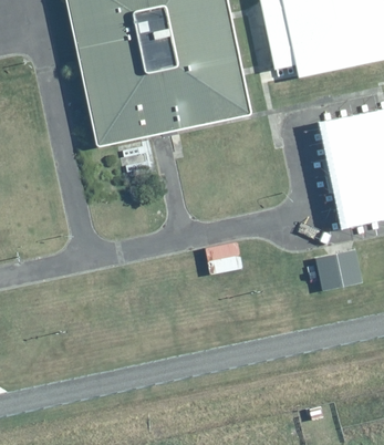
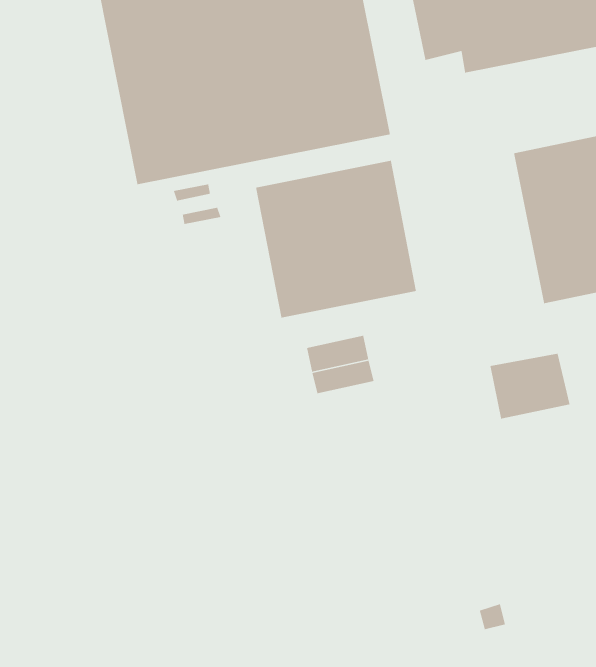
building: none -> [255,160,417,319]

